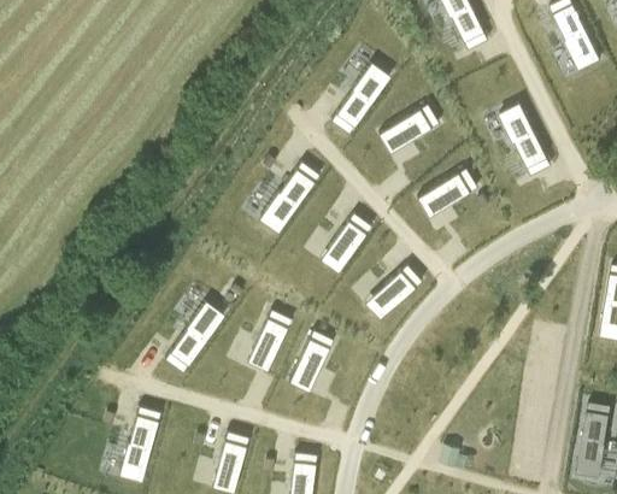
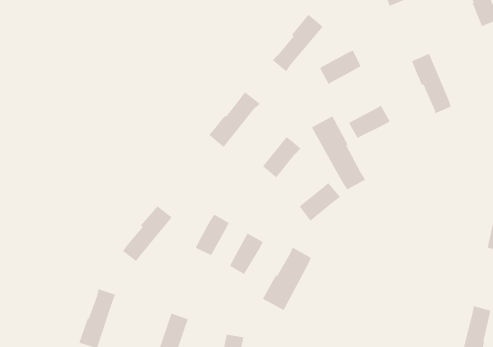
building: none -> [311,115,366,190]
building: none -> [262,247,312,311]

